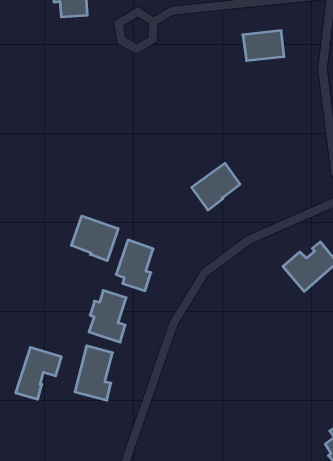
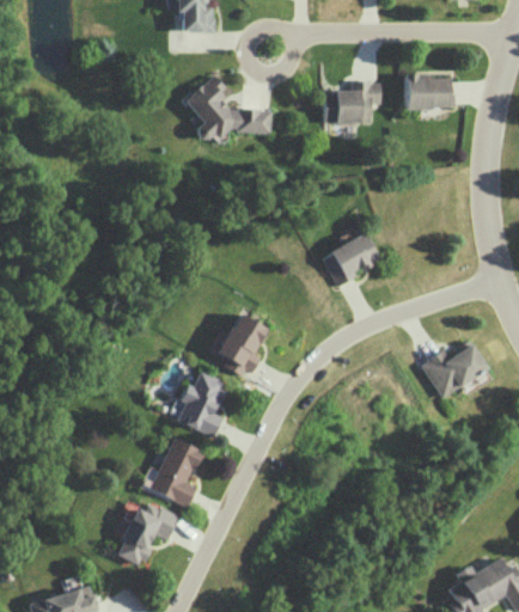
building: none -> [323,81,380,123]
building: none -> [185,75,273,140]
building: [71,216,118,261] -> none
building: [16,347,61,399] -> [116,502,177,567]

